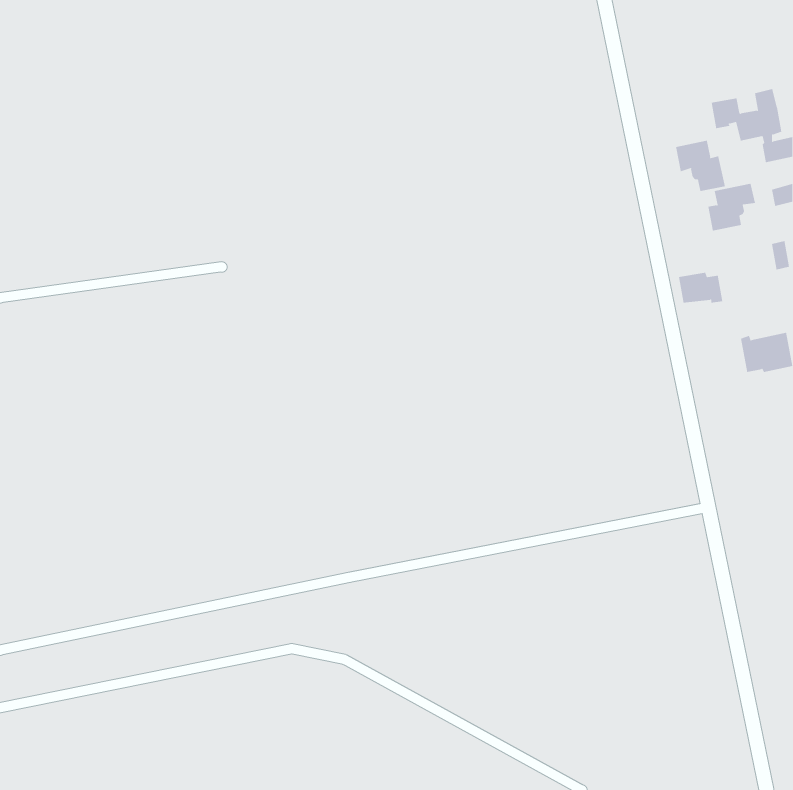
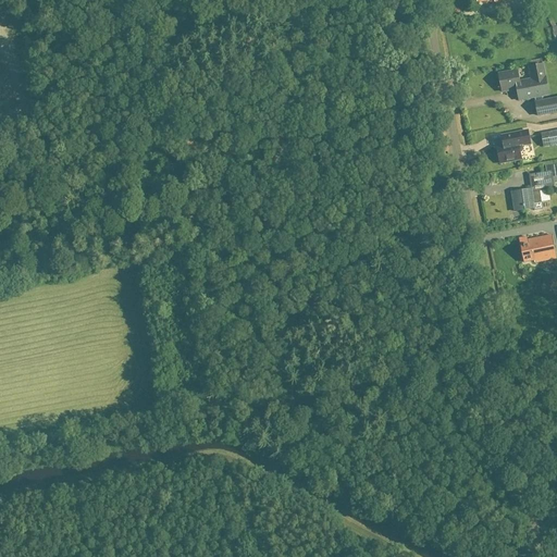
building: [676,140,725,192] -> none
building: [678,272,723,303] -> [510,187,542,209]

